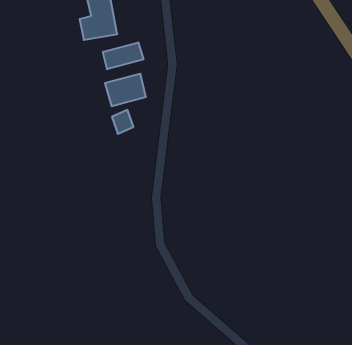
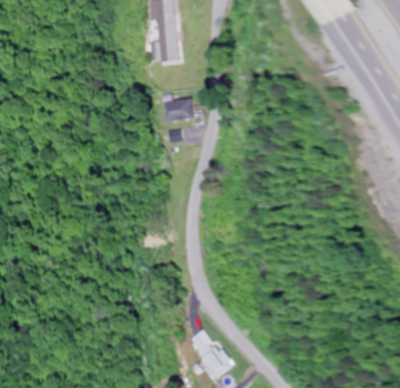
building: [103,42,143,69] -> none

